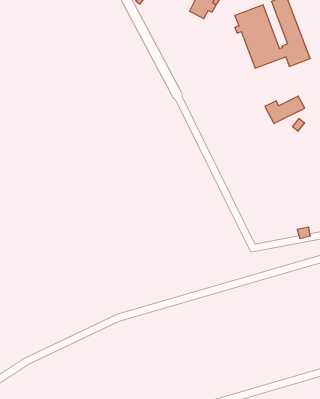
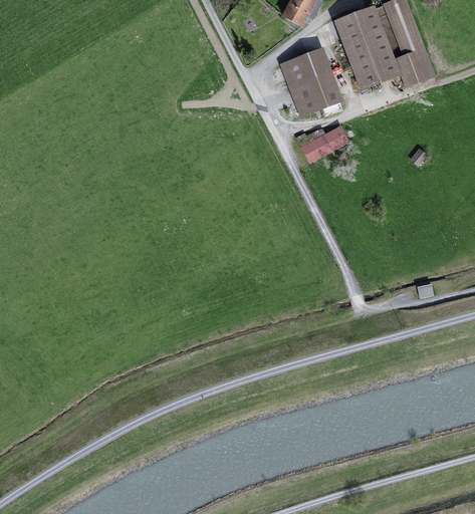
building: none -> [281,50,337,113]
building: [265,96,305,124] -> [297,126,346,161]

